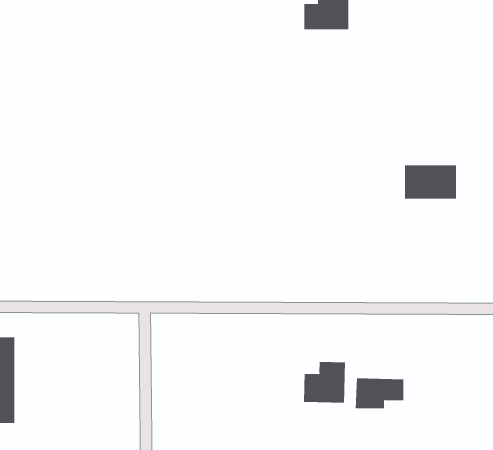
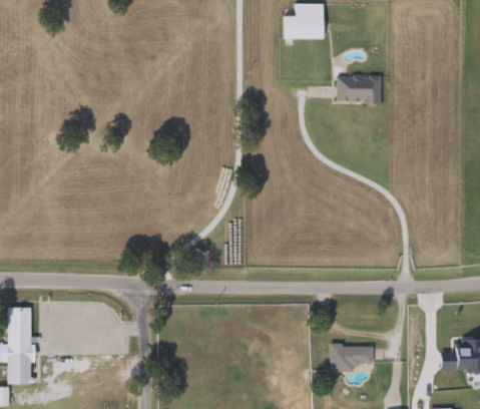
building: [404,165,457,199] -> [335,73,381,103]
building: [303,361,346,403] -> none

